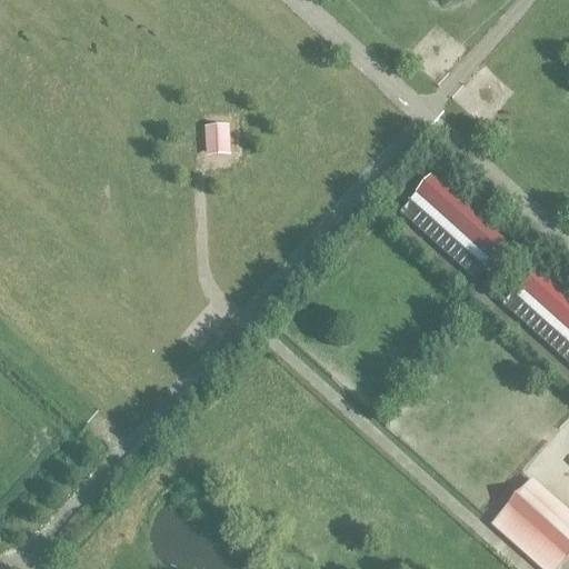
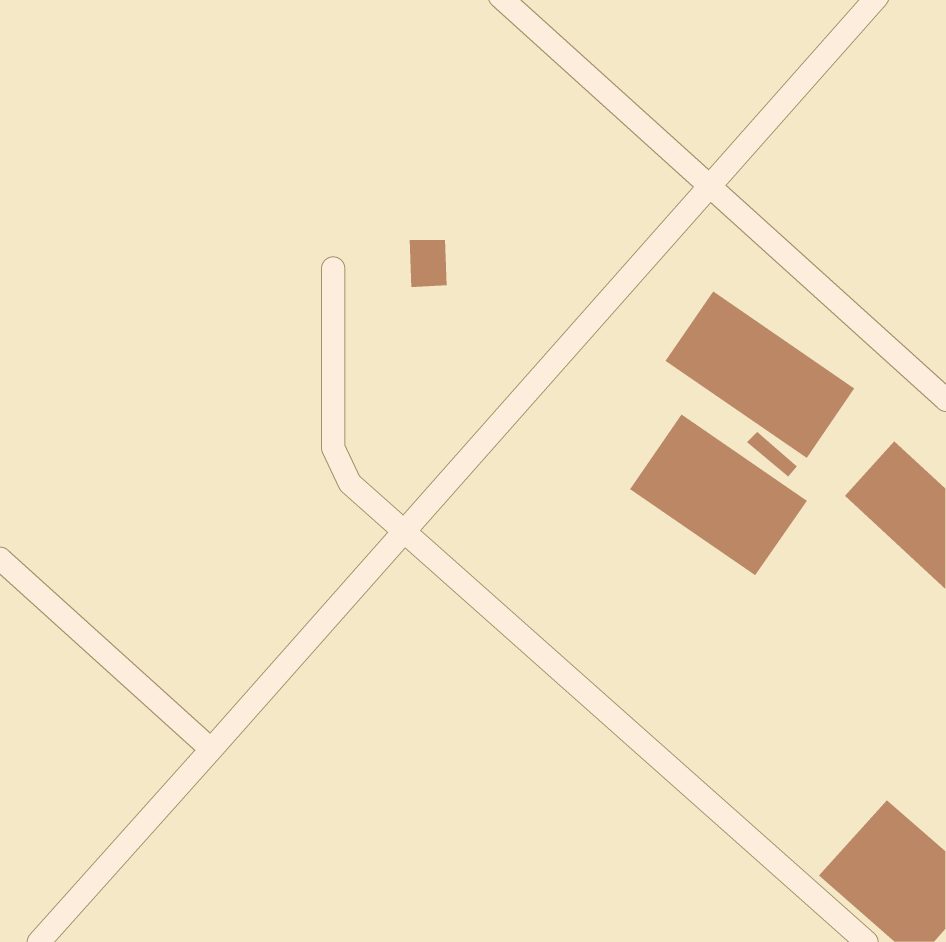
building: [204,121,228,150] -> [409,239,448,287]
building: none -> [629,414,808,576]

